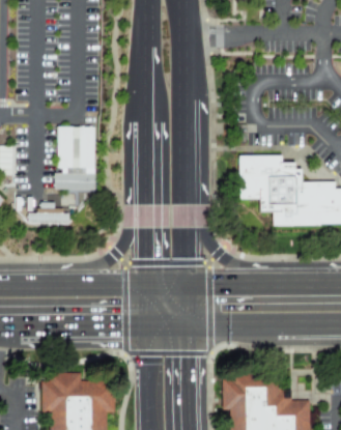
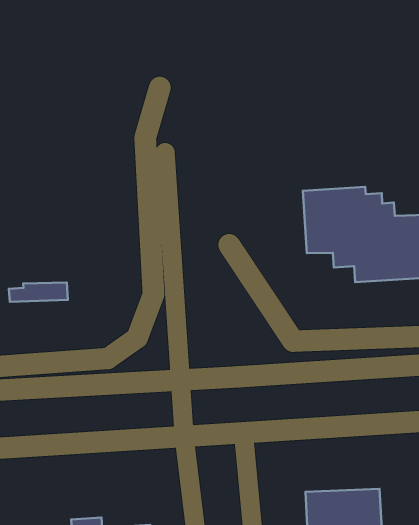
building: [53,128,94,192] -> none

